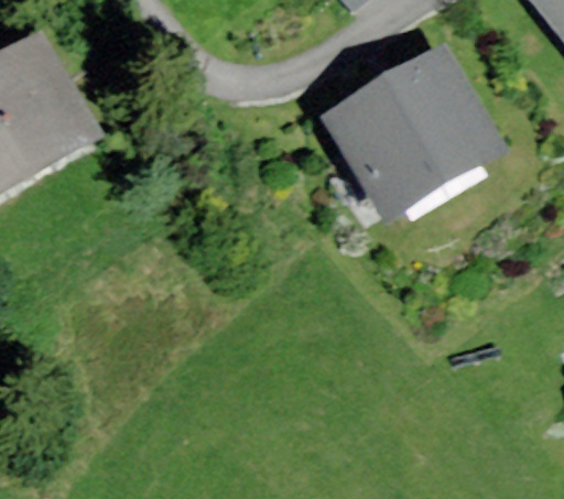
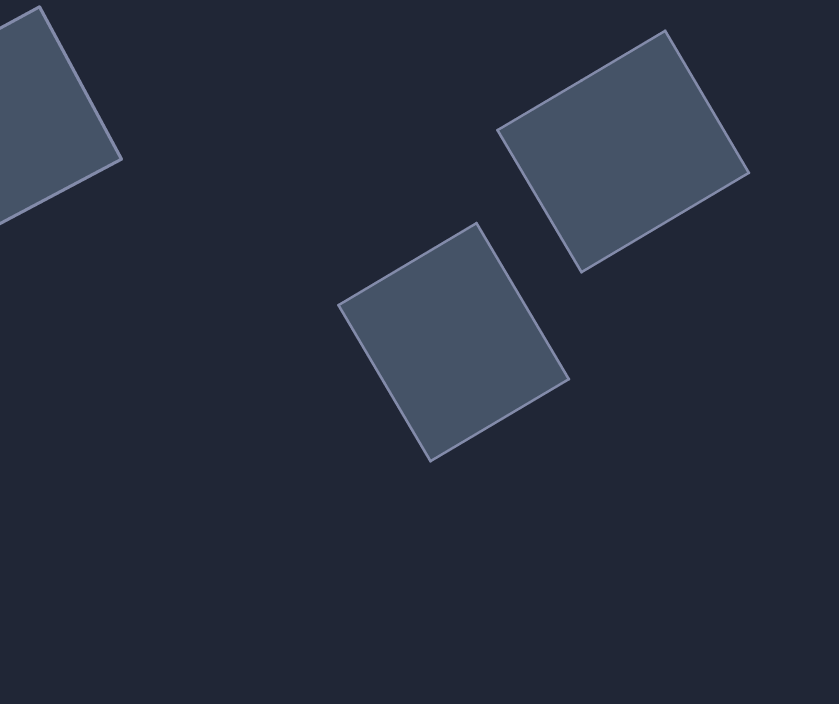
building: none -> [338,223,569,461]

